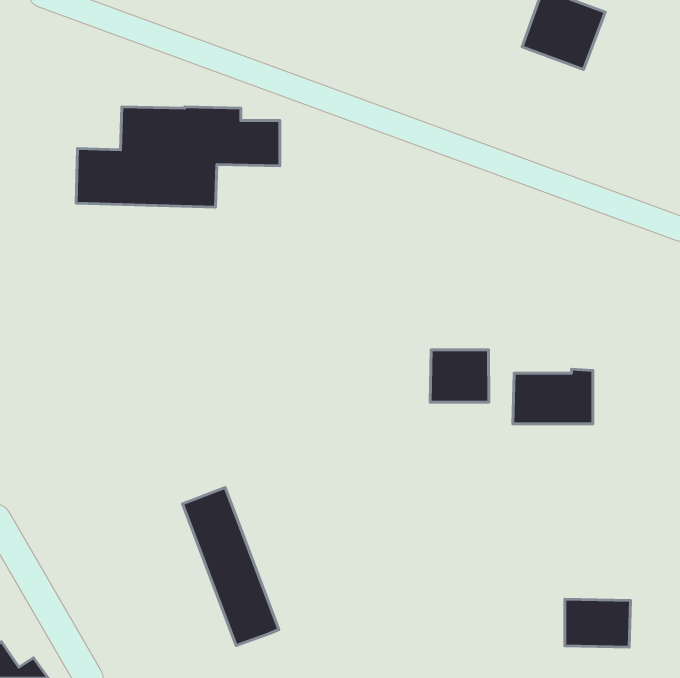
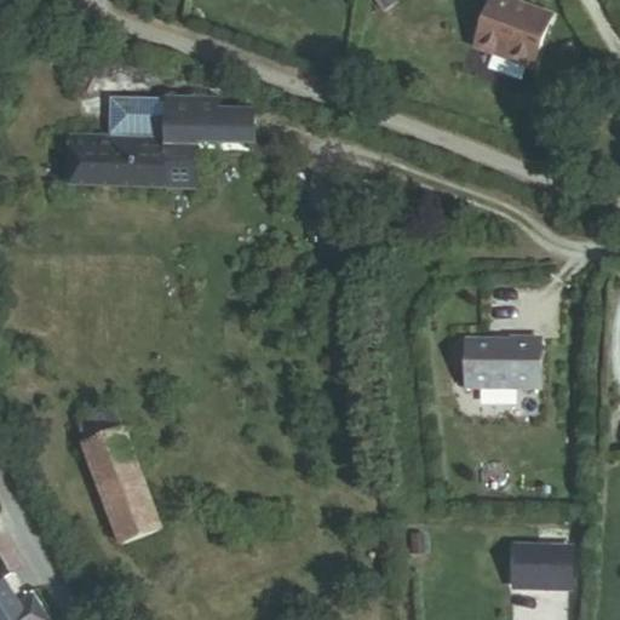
building: [430,350,489,402] -> none
building: [182,488,279,645] -> [73,402,160,545]

